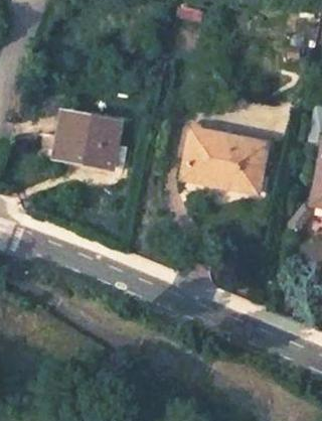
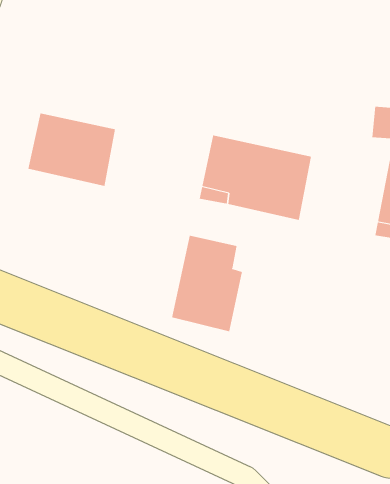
building: none -> [171,235,242,332]

